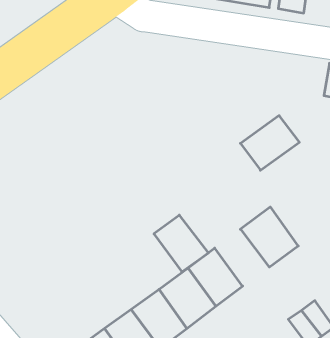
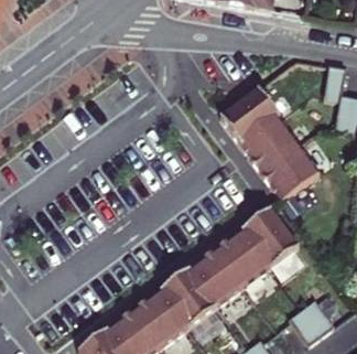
building: none -> [220,86,280,143]
building: none -> [261,142,321,199]
building: [154,215,208,272] -> [216,228,270,285]

